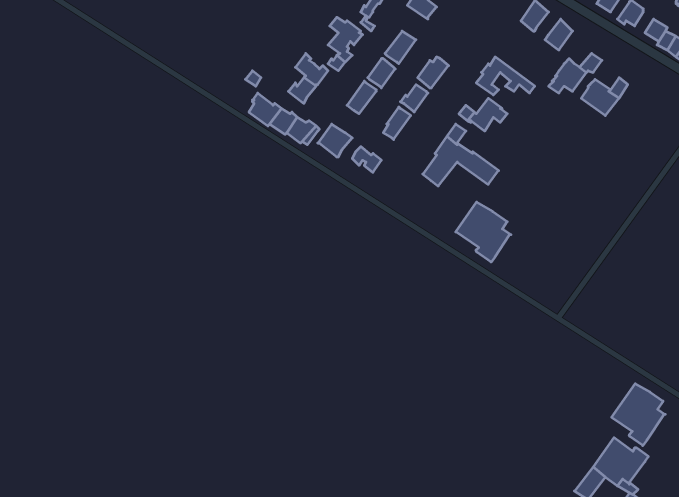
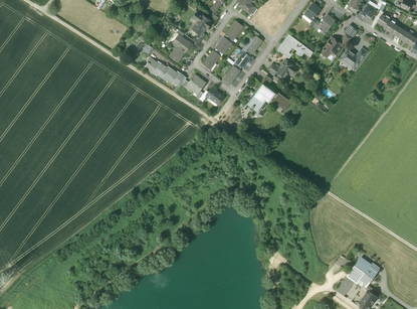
building: [456,202,511,262] -> none
building: [612,384,665,446] -> none

